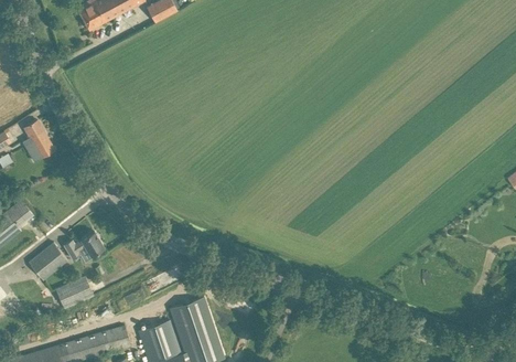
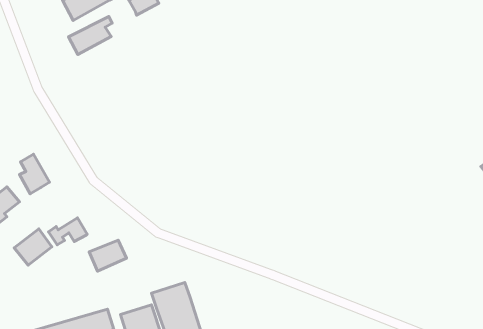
building: none -> [68,16,112,55]
building: [23,120,54,161] -> [19,154,49,194]
building: [55,276,94,308] -> [89,240,127,271]

